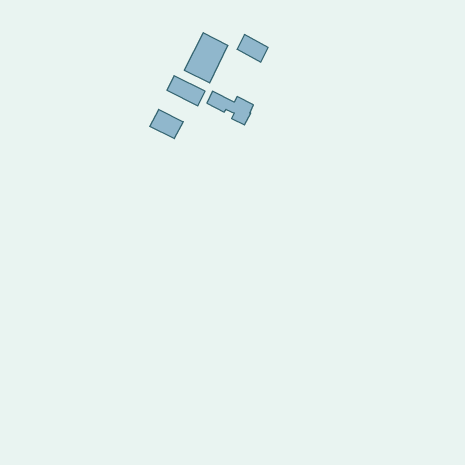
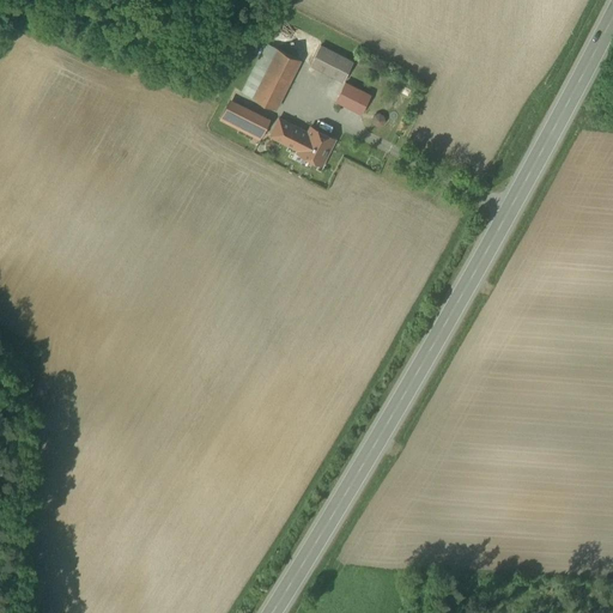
building: none -> [338,84,371,115]
building: [150,109,183,139] -> none

